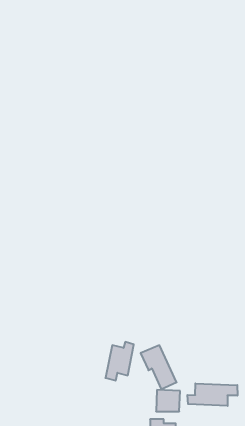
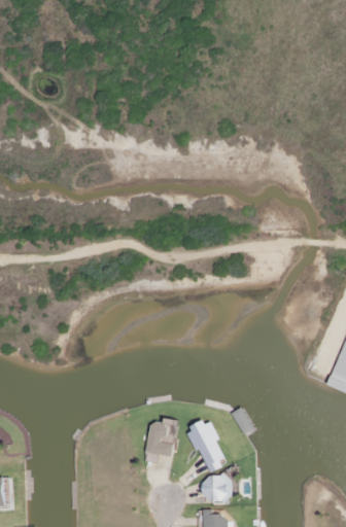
building: [187,383,237,406] -> none

